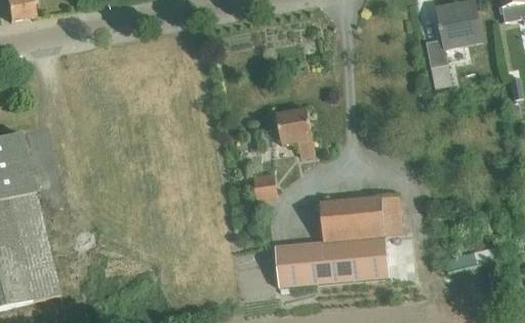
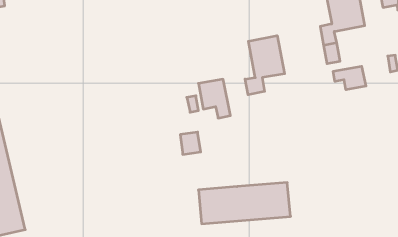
building: none -> [245,36,285,95]
building: none -> [333,66,366,90]
building: [320,194,402,240] -> none

